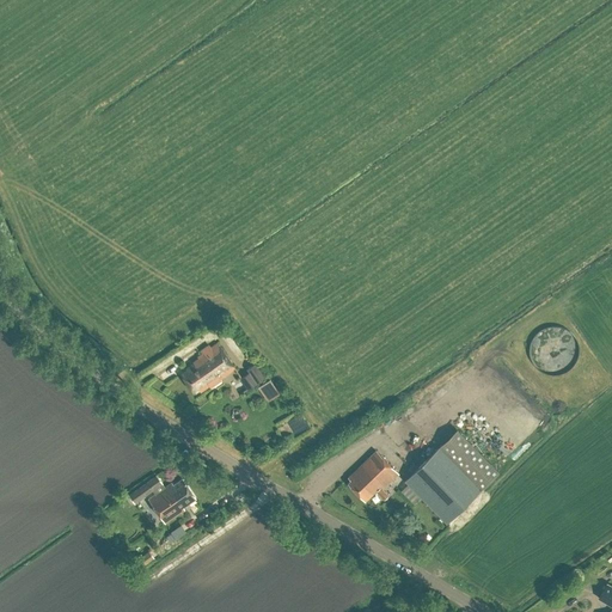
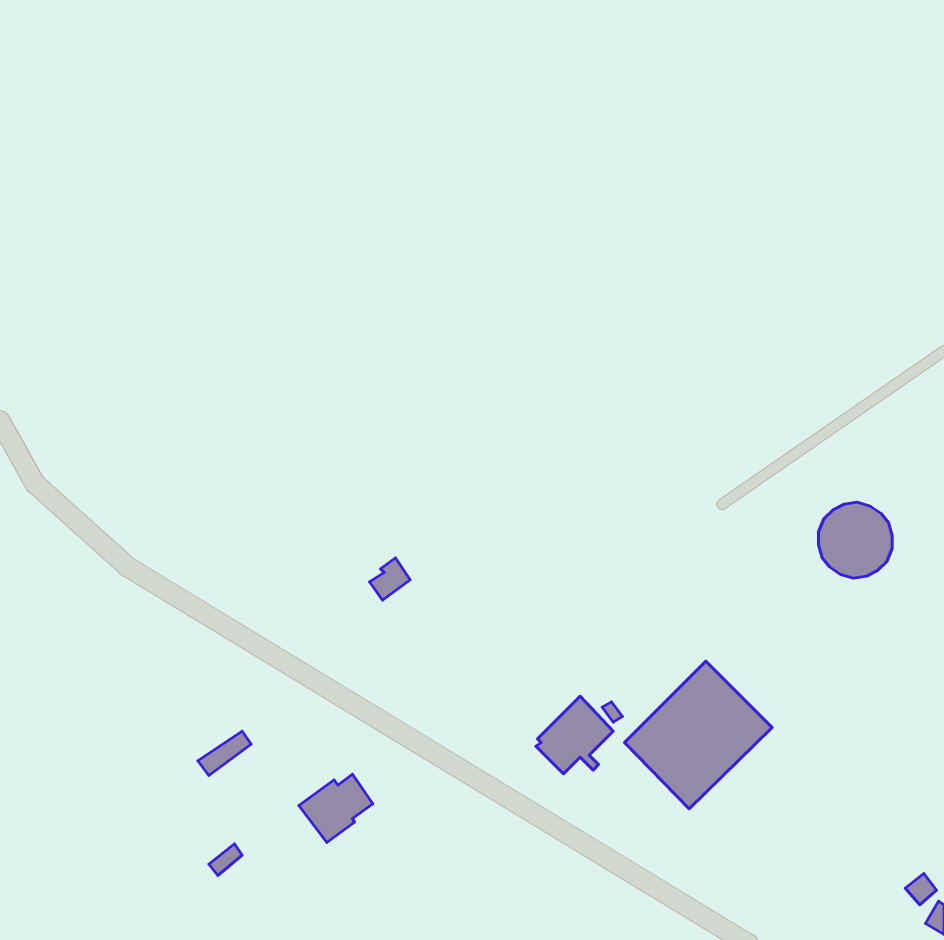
building: [182,343,235,392] -> none
building: [148,479,196,524] -> [299,774,373,843]

